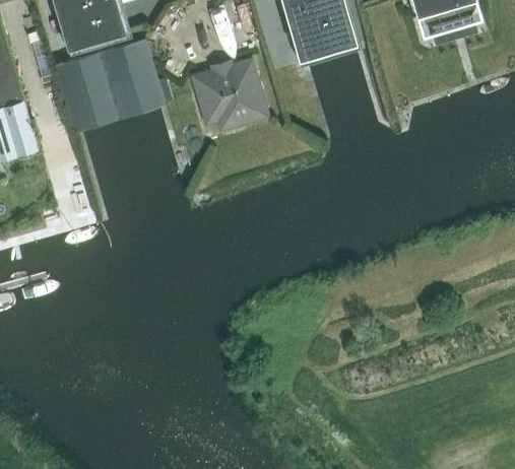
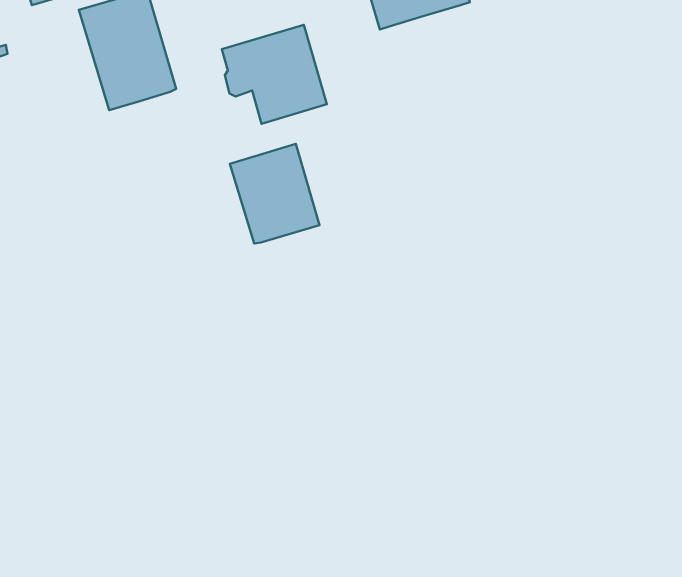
building: [55,53,120,133] -> none
building: none -> [230,144,319,243]

